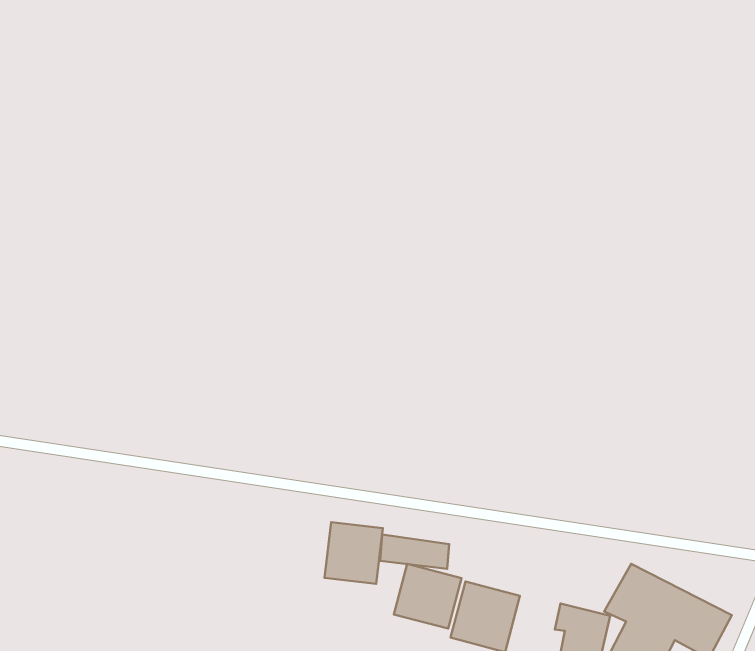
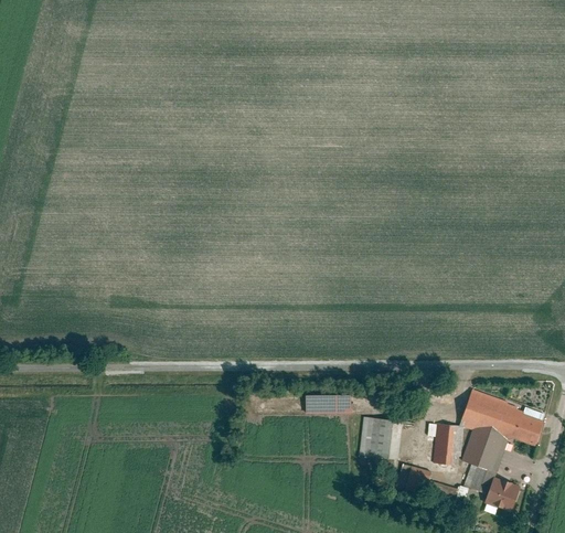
building: [324,522,383,584] -> none
building: [394,564,461,629] -> none

